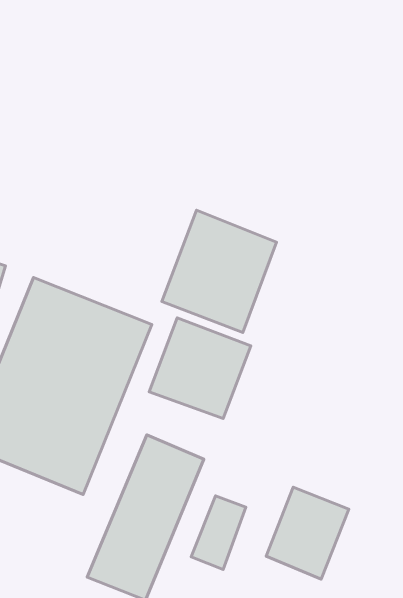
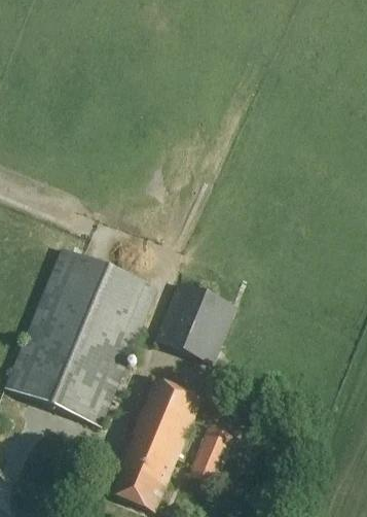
building: [162,210,277,332] -> none
building: [266,487,349,579] -> none

